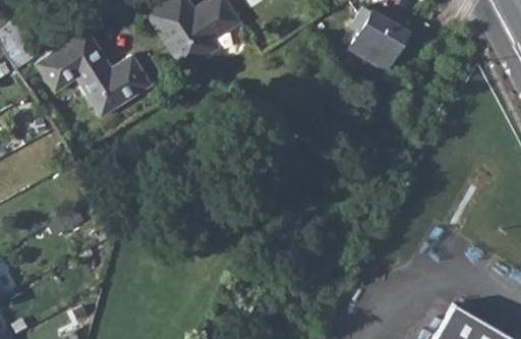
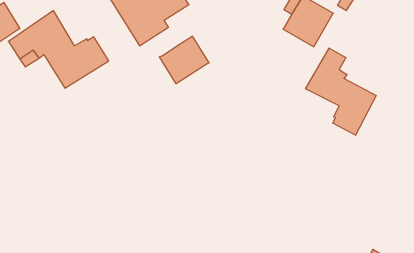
building: none -> [159,36,209,84]
building: none -> [306,48,376,135]

